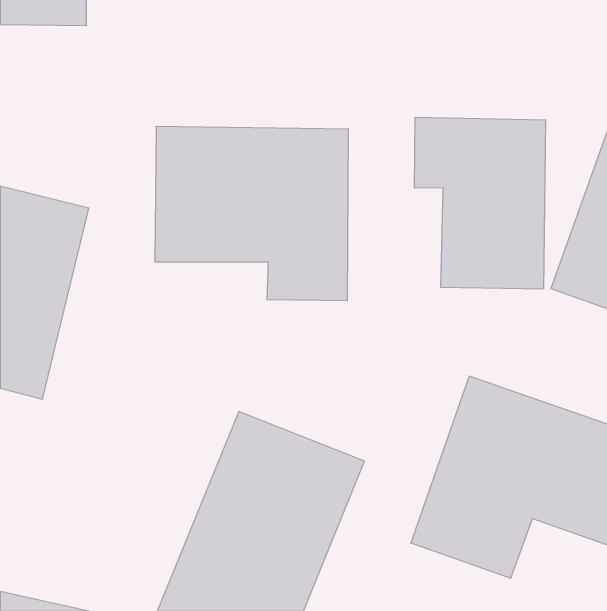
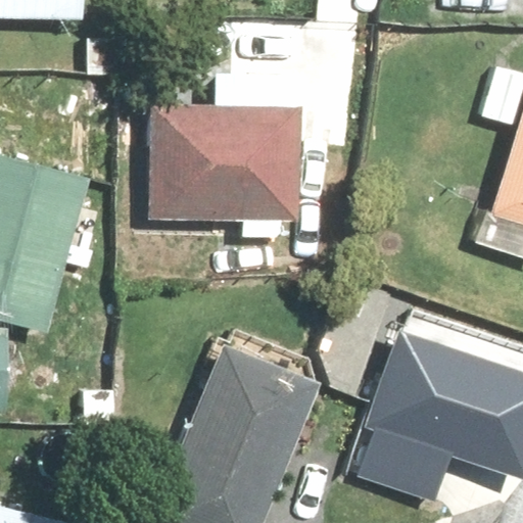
building: [414,117,546,289] -> none

